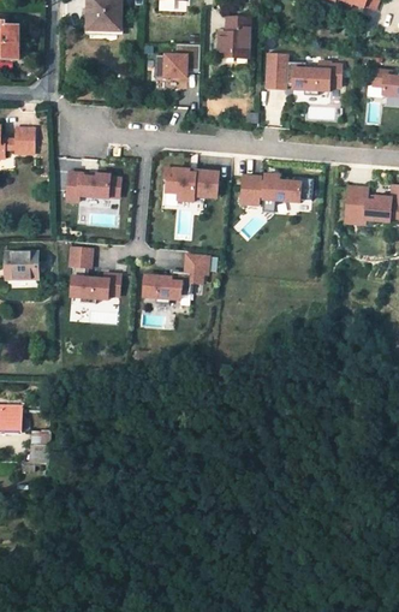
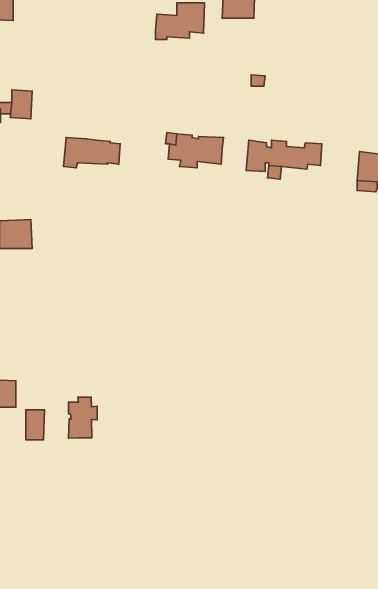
building: [266,50,341,94] -> none
building: [70,246,120,303] -> none
building: [143,250,209,302] -> none
building: none -> [68,397,97,438]

